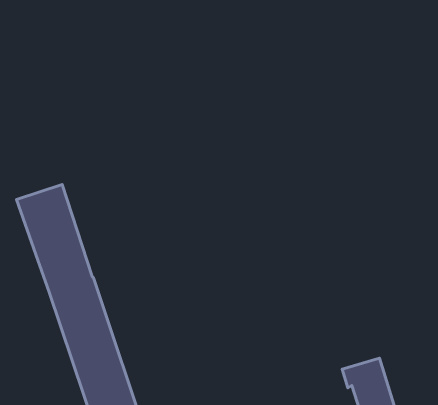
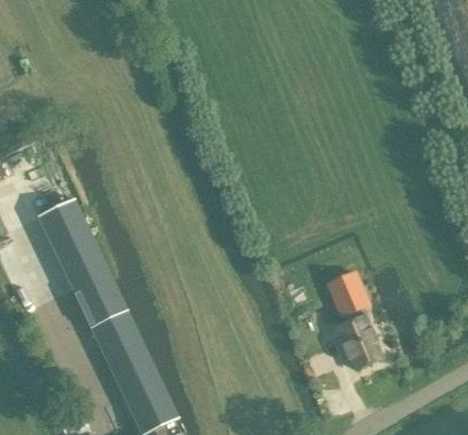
building: none -> [327,270,369,321]

